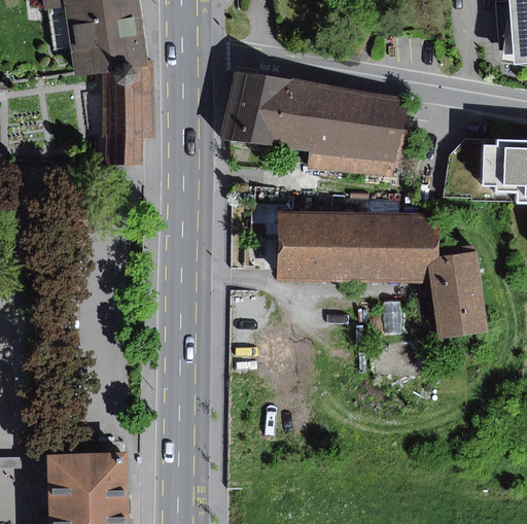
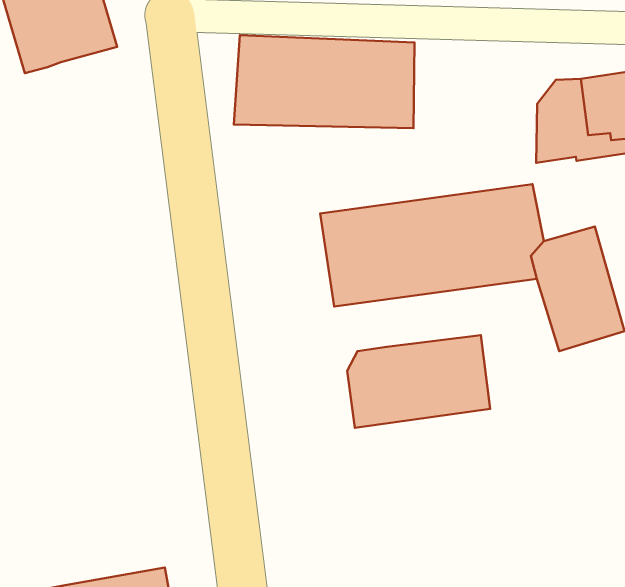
building: [93,65,153,161] -> none
building: [352,96,409,177] -> none
building: none -> [347,335,490,428]

